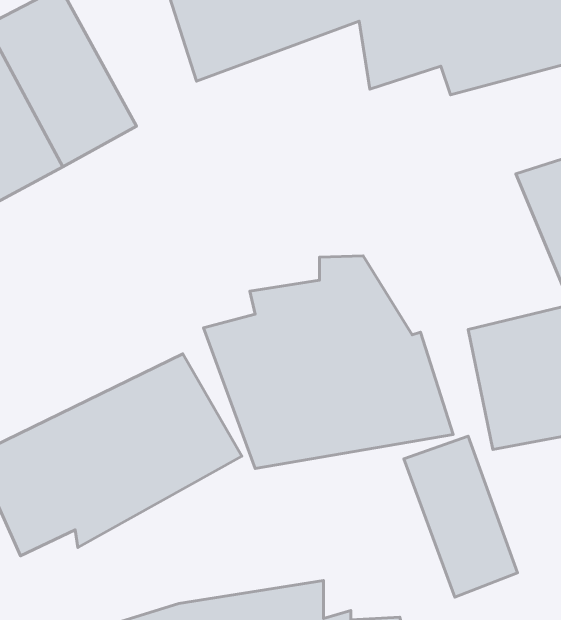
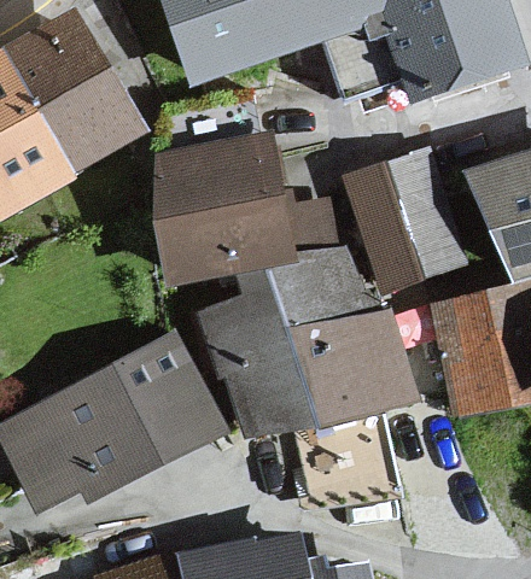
building: none -> [159,136,338,288]
building: none -> [342,150,469,298]
building: [404,436,517,597] -> none

